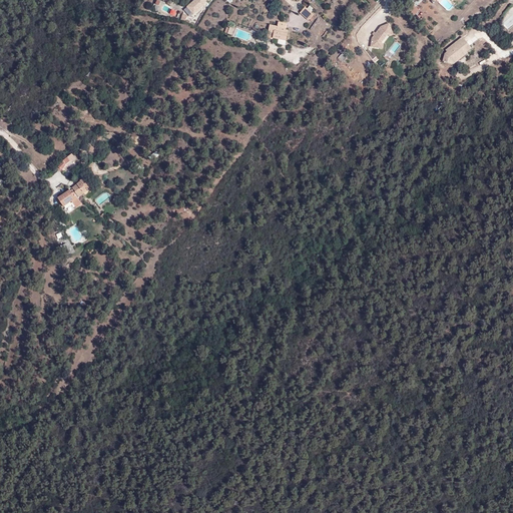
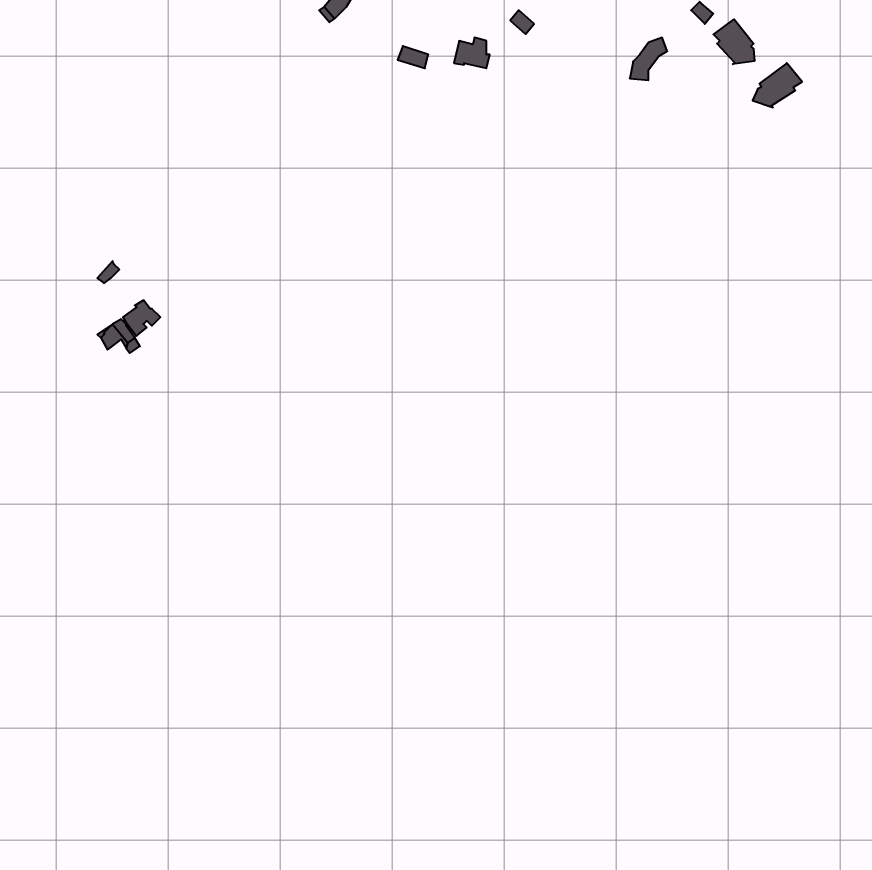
building: none -> [713,19,754,64]

